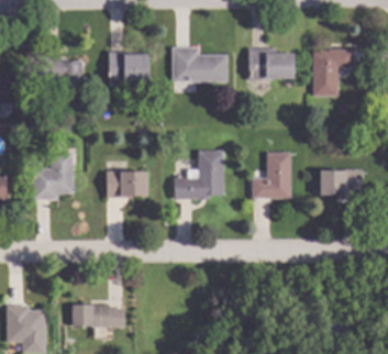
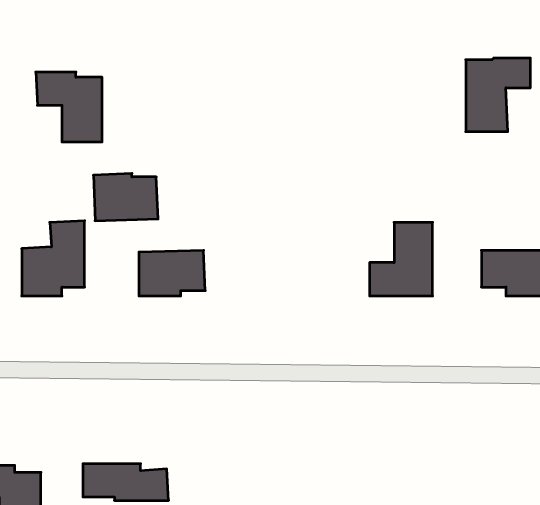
building: [171,47,228,82] -> none
building: [248,49,293,80] -> none
building: [108,51,148,80] -> [93,173,158,221]
building: [174,151,223,199] -> none

